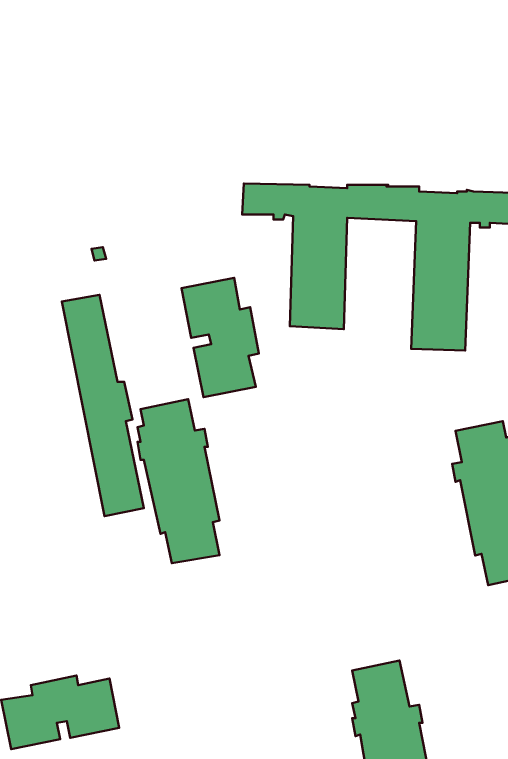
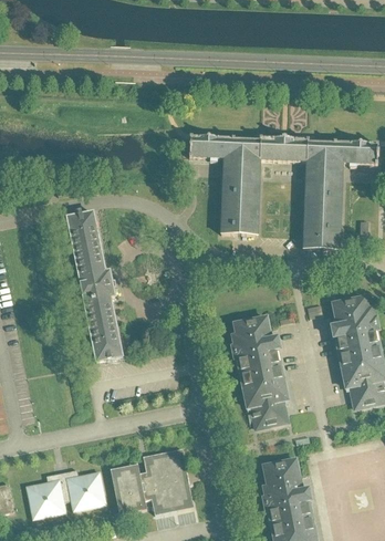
building: [181,278,259,397] -> none
building: [137,399,219,563] -> [232,318,288,428]
building: none -> [111,448,194,514]

